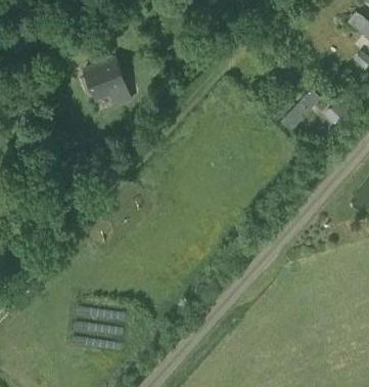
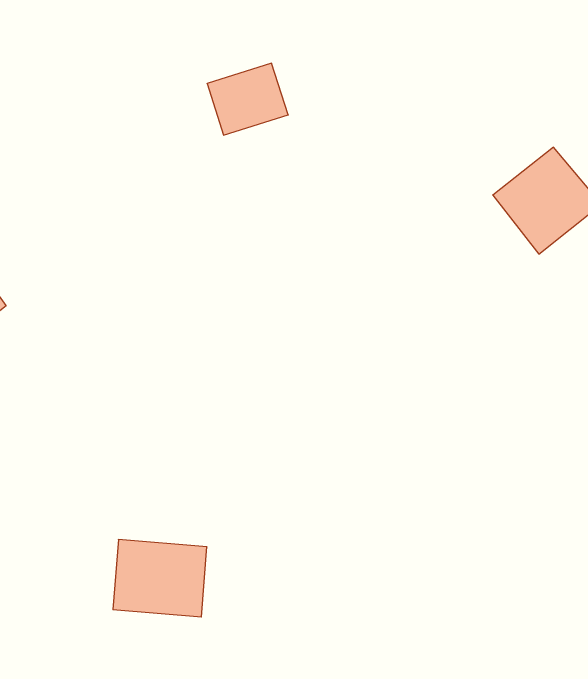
building: [83,61,128,101] -> [207,63,288,135]

